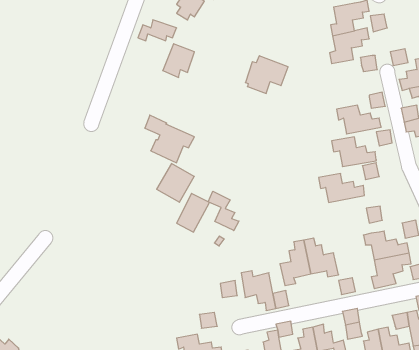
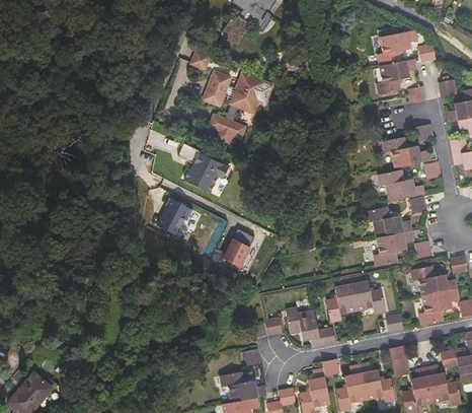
building: [245,56,288,93] -> [231,76,274,115]
building: none -> [212,118,245,145]
building: [157,164,194,202] -> [152,196,190,235]
building: [208,191,239,231] -> none
building: none -> [373,229,413,266]

